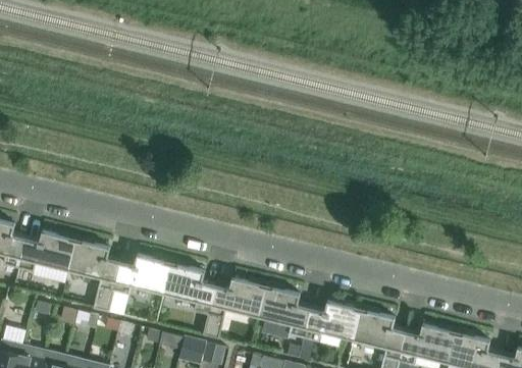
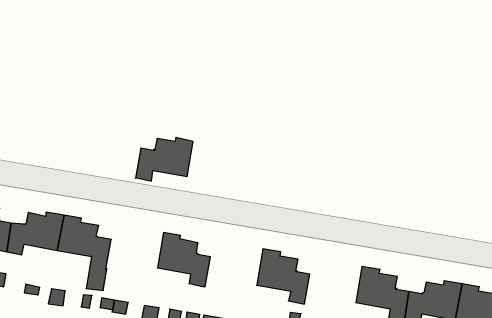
building: [114,255,172,296] -> [135,137,193,181]
building: [203,278,267,339] -> none
building: [304,302,362,341] -> none

